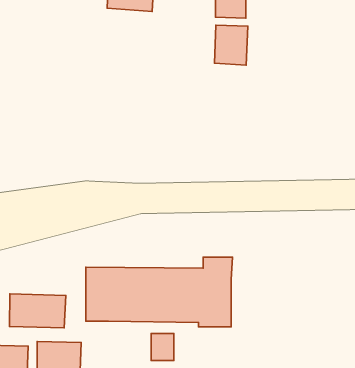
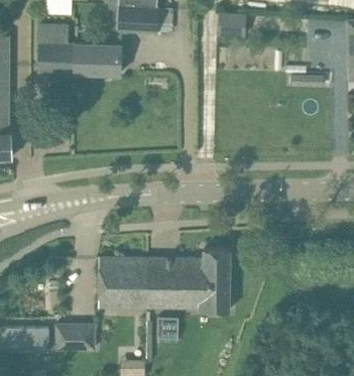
building: none -> [38,24,122,74]
building: [214,25,248,65] -> none
building: [10,294,66,328] -> none

